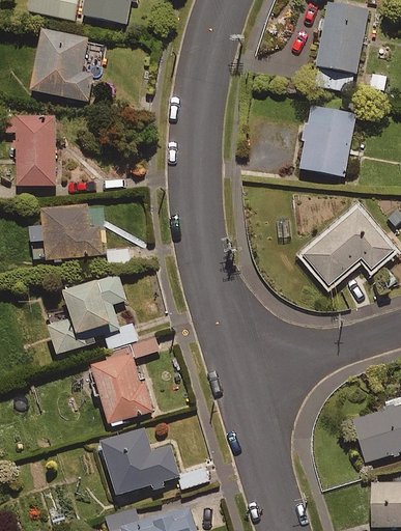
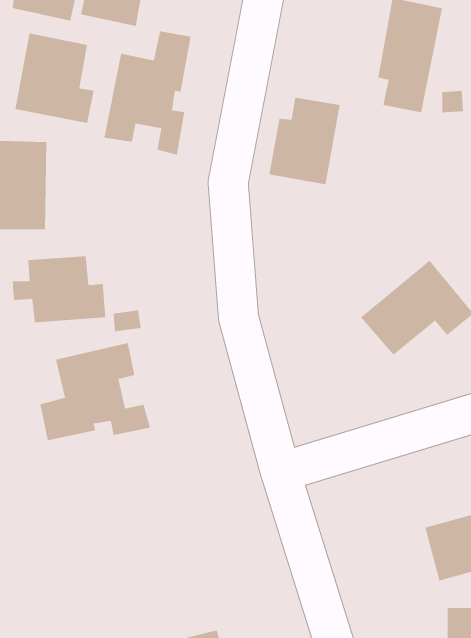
building: none -> [104,31,191,155]
building: [298,107,355,176] -> [268,97,340,185]
building: [88,338,159,424] -> none
building: [99,427,209,494] -> none

